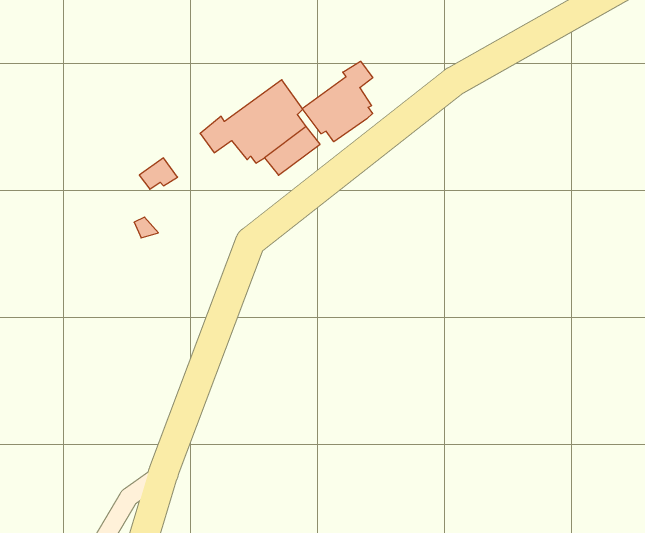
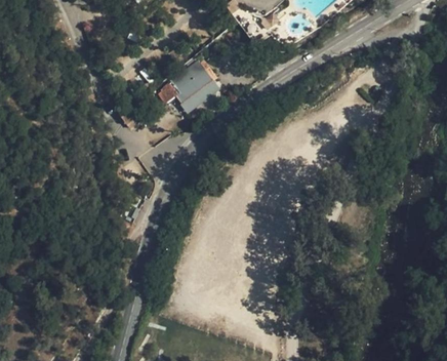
building: [302,61,373,142] -> none

